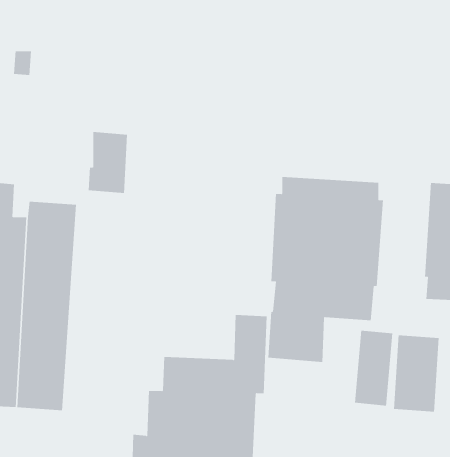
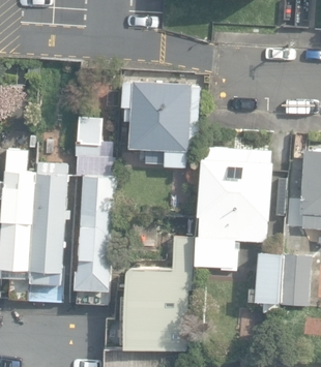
building: none -> [122,80,200,167]
building: none -> [74,177,115,305]

